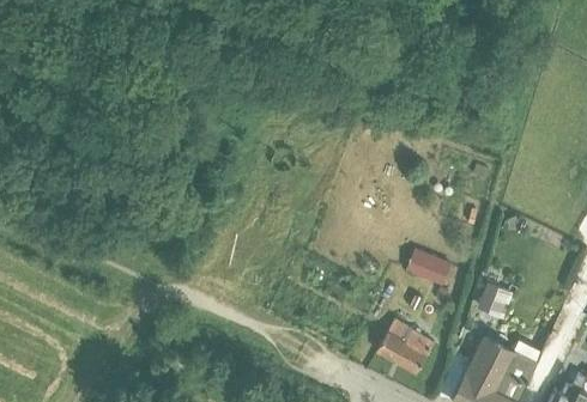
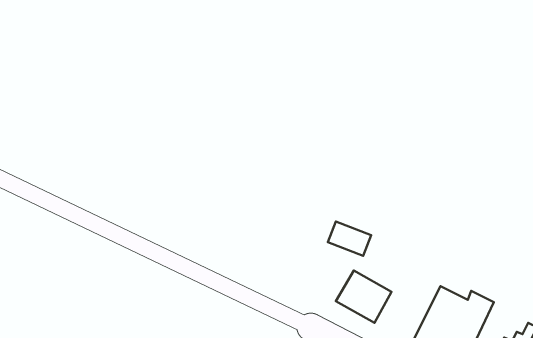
building: [405,249,450,285] -> [328,222,371,256]
building: [477,284,513,317] -> none

